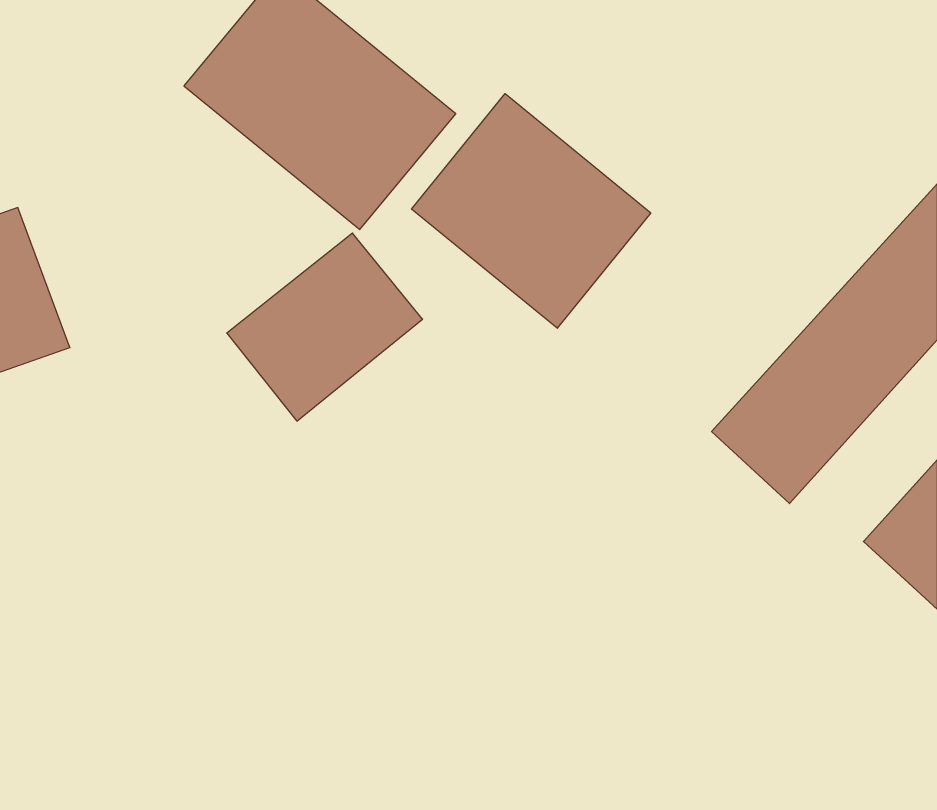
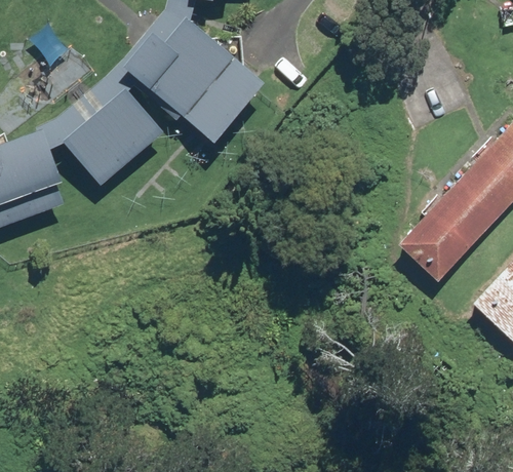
building: [411,94,651,328] -> none
building: [227,233,423,421] -> [63,88,163,185]

